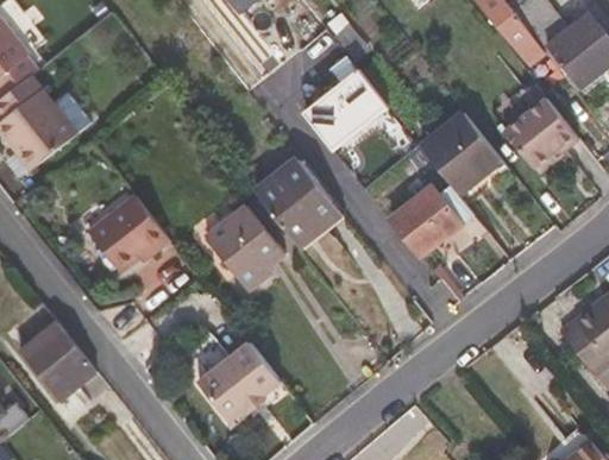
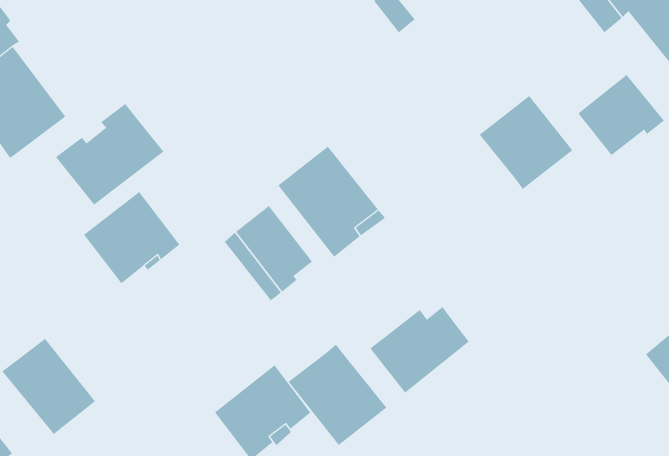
building: [304,68,388,149] -> none
building: none -> [55,103,164,206]
building: [389,184,473,258] -> [370,306,470,394]
building: none -> [288,344,387,446]

